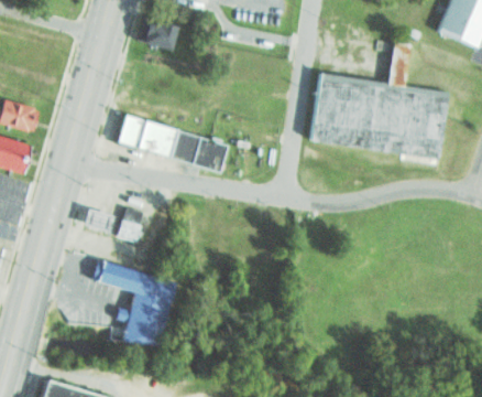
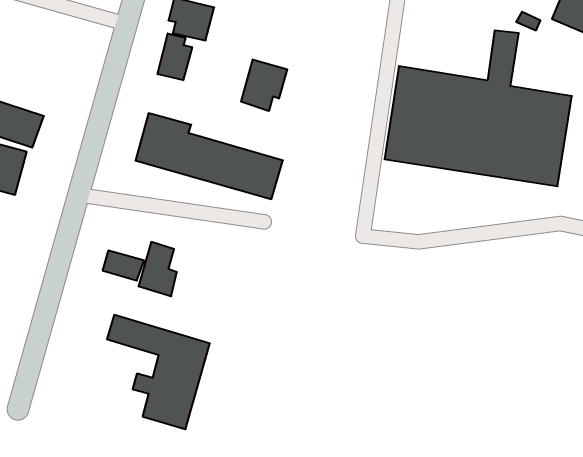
building: none -> [158,33,192,80]
building: none -> [241,59,287,111]

